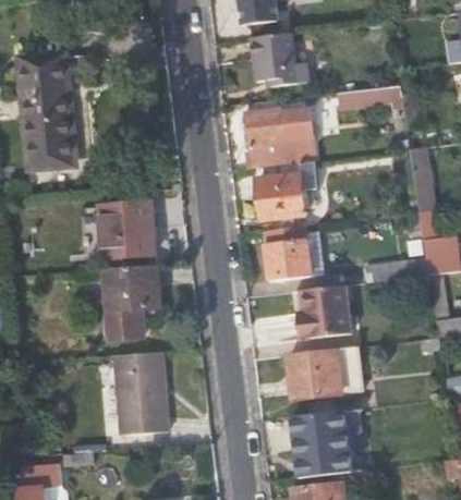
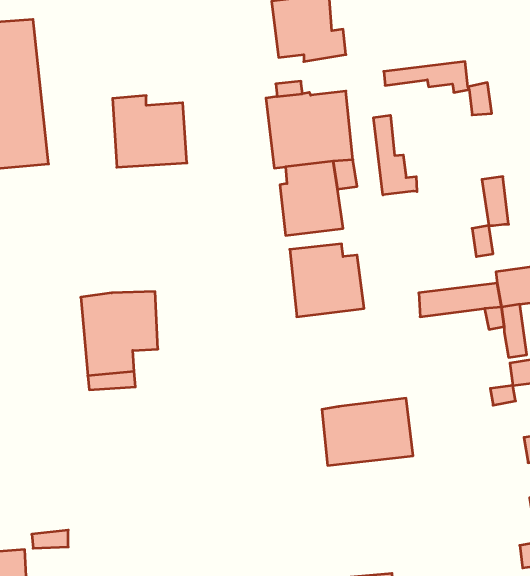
building: none -> [374,115,417,195]
building: [98,203,156,258] -> [113,96,187,167]
building: [294,285,349,340] -> none
building: [113,351,169,435] -> none
building: [292,411,356,478] -> none

